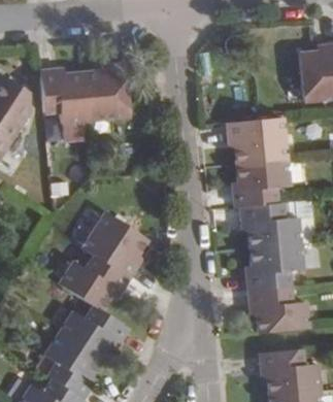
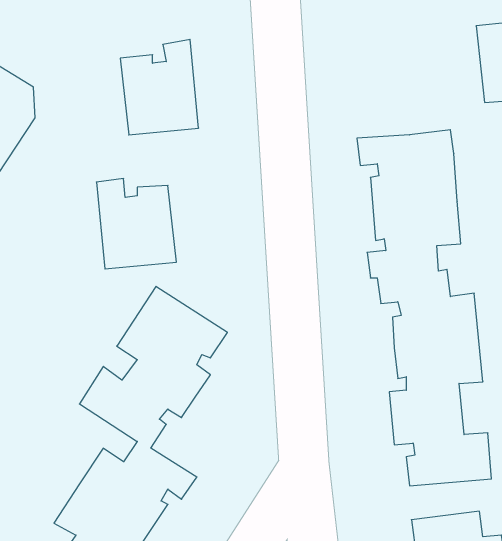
building: [39,70,88,125] -> [96,179,176,269]

